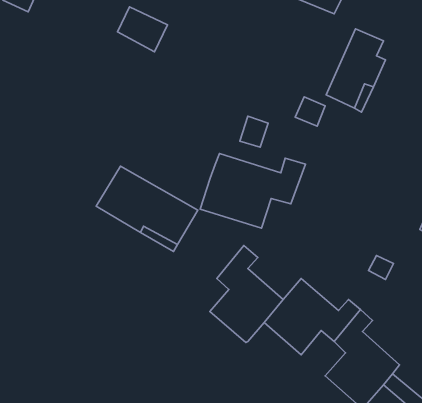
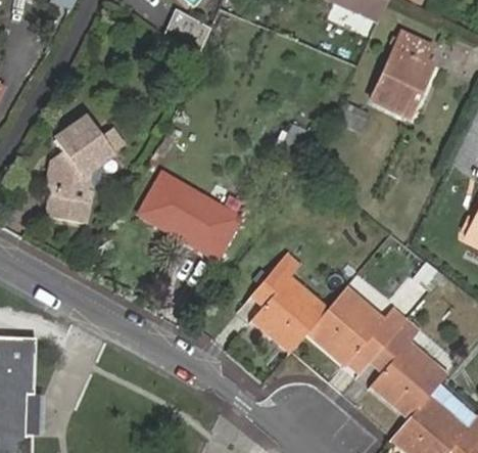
building: none -> [47,117,110,222]
building: [200,154,306,228] -> none

